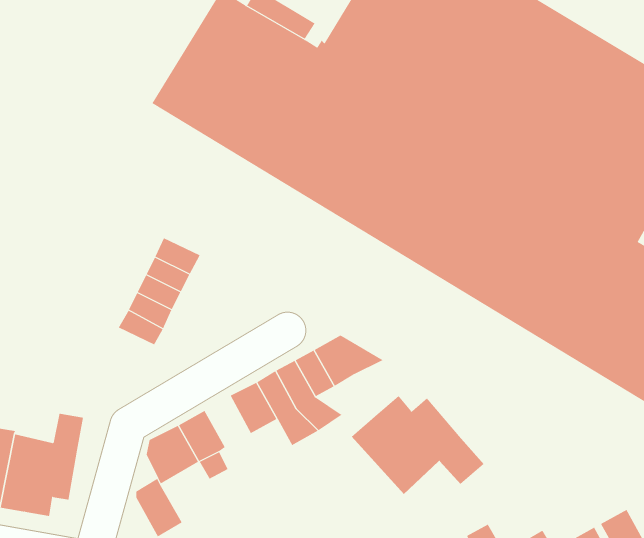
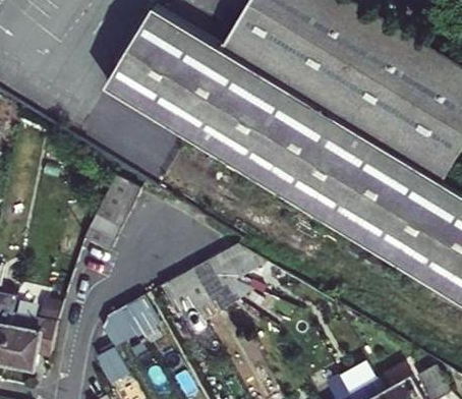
building: [351,395,484,495] -> none

